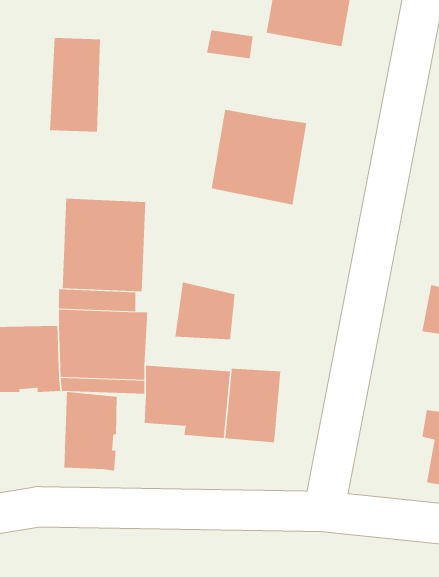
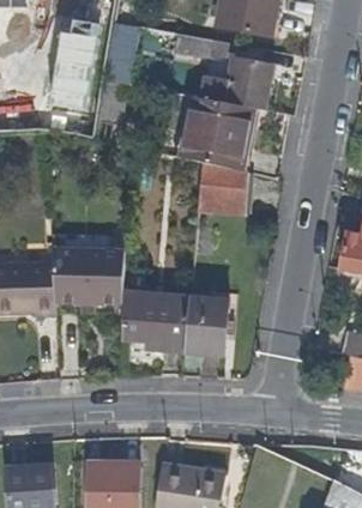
building: none -> [223,55,269,105]
building: [62,198,146,292] -> none
building: [174,282,236,340] -> [198,169,246,214]
building: [64,391,117,471] -> none

